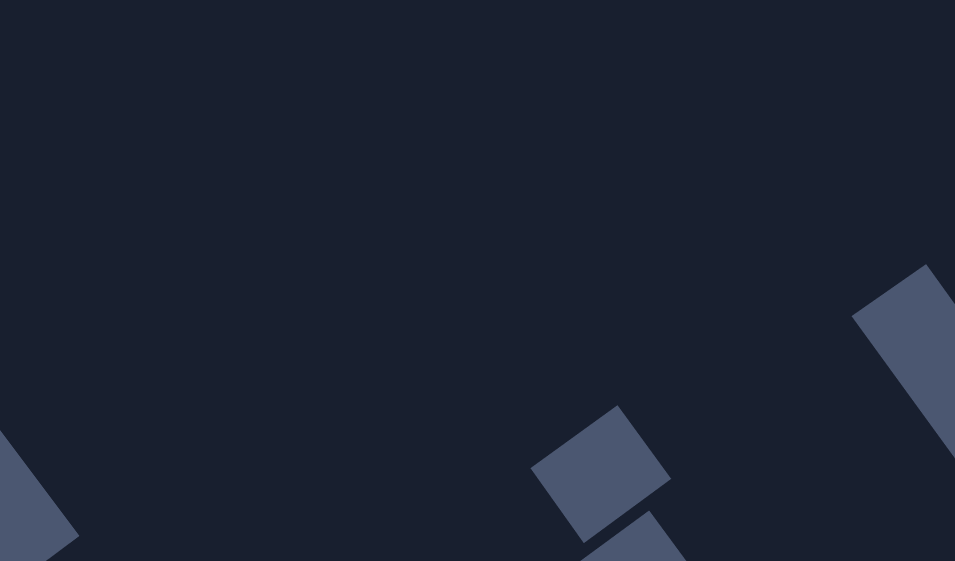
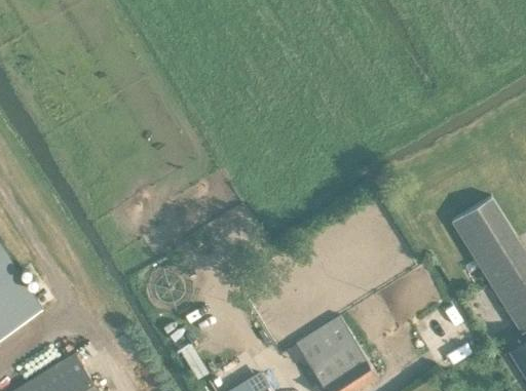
building: [530,404,672,544] -> none

